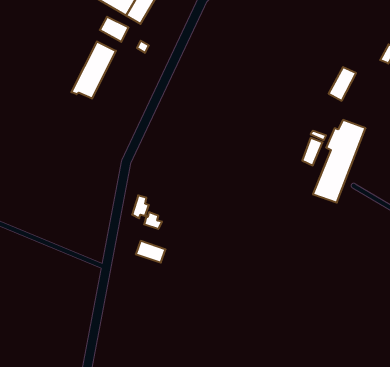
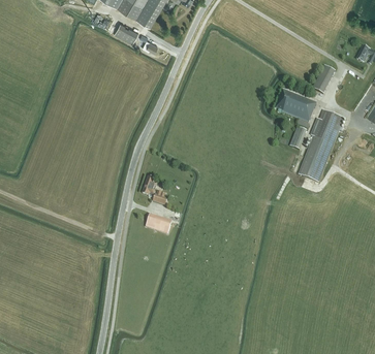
building: [71,41,116,99] -> none
building: none -> [275,89,316,122]

